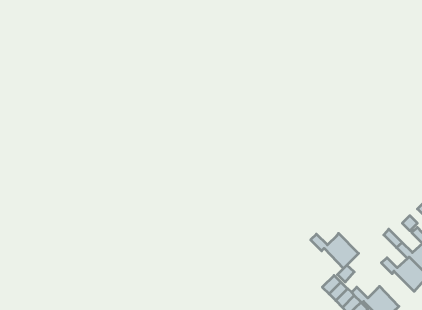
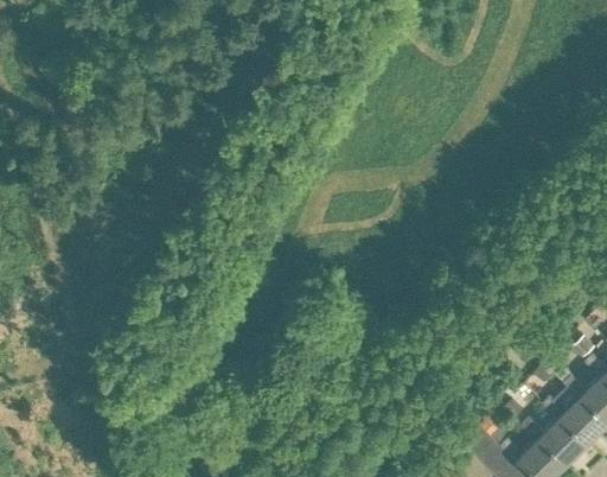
building: [311,233,359,269] -> [524,414,592,464]

